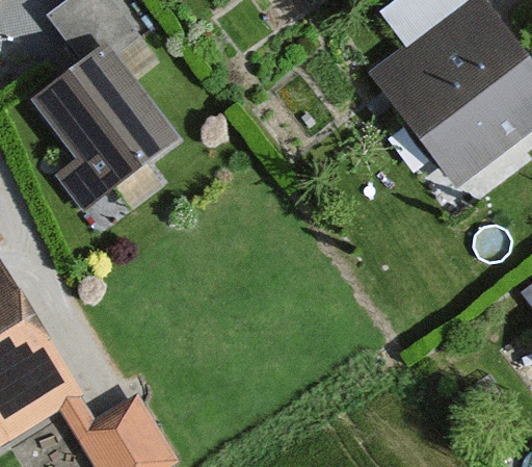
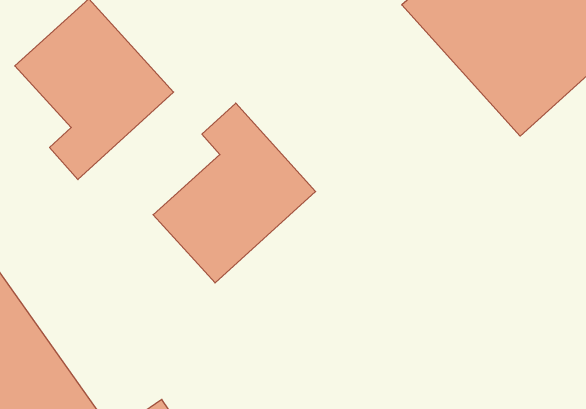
building: none -> [153,103,316,283]

